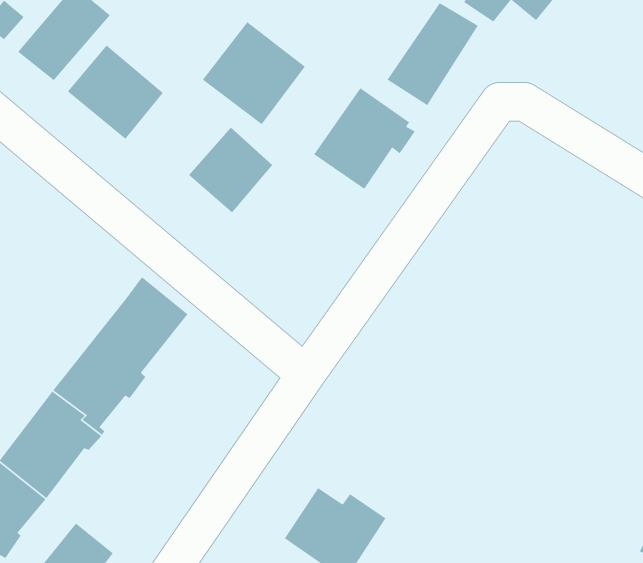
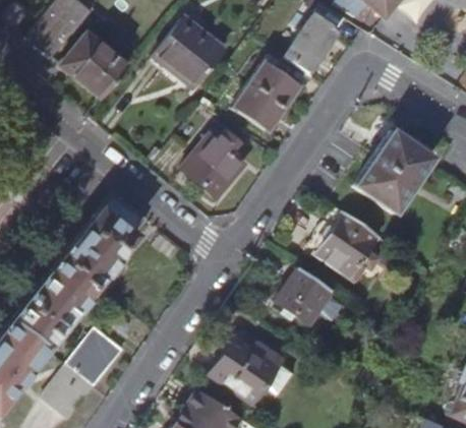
building: [188,127,273,213] -> [180,133,239,193]
building: none -> [356,132,434,213]
building: none -> [308,206,382,279]
building: none -> [277,267,334,324]
building: none -> [67,328,121,384]

